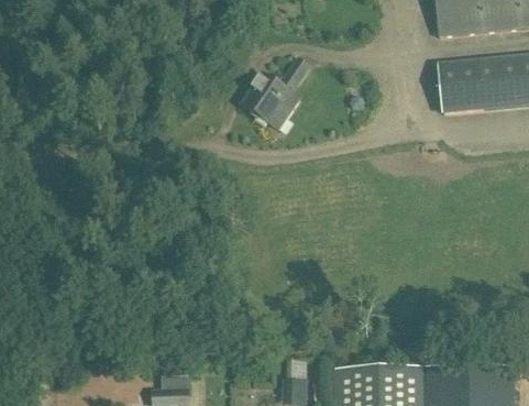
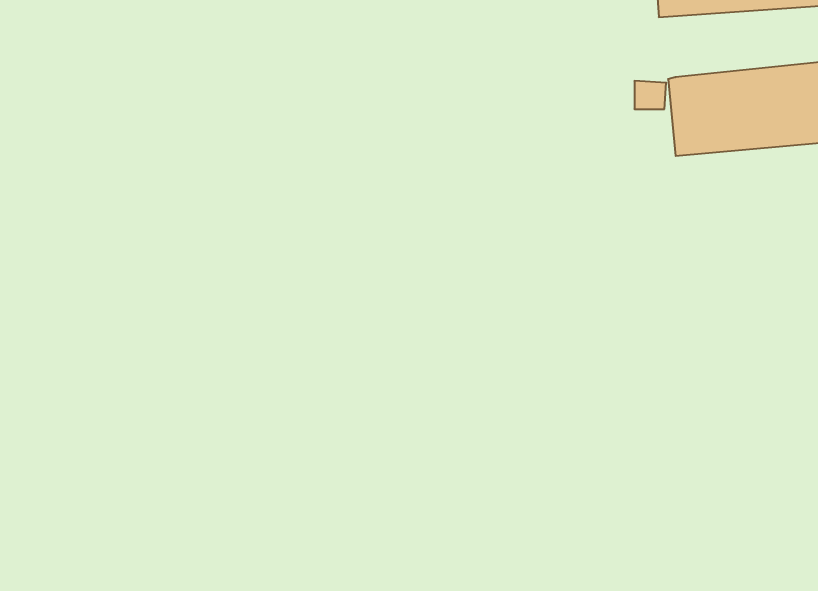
building: [242,57,310,123] -> none

